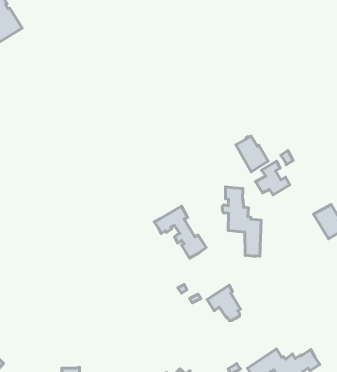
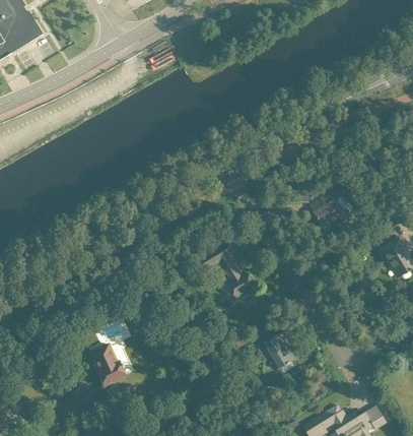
building: [236,136,268,172] -> none
building: [222,187,261,257] -> none
building: none -> [91,345,126,386]

